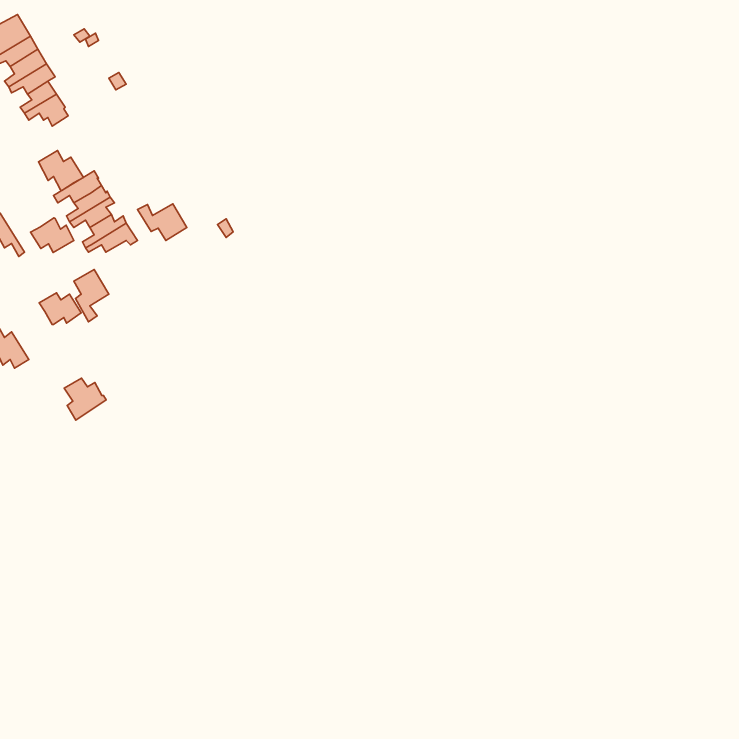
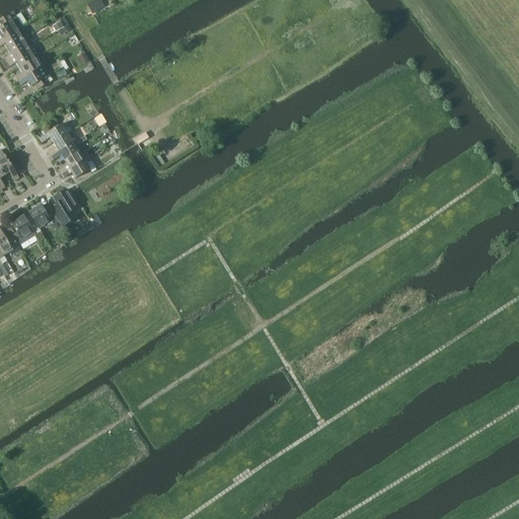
building: [38,151,83,191] -> none
building: [138,204,187,240] -> none
building: [30,218,74,253] -> none
building: [64,378,106,420] -> [10,215,40,244]

